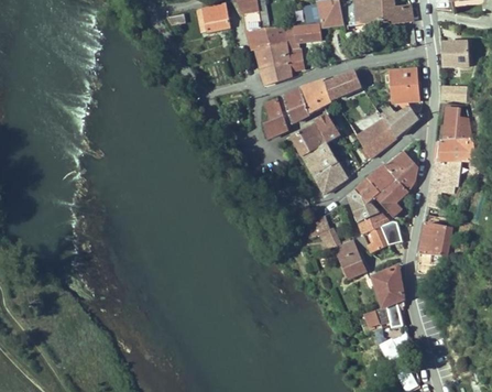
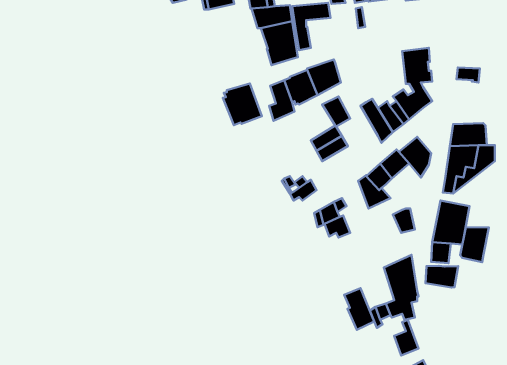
building: [440,41,468,66] -> none
building: [326,70,361,101] -> none
building: none -> [223,84,262,125]
building: [438,104,472,141] -> none
building: [292,122,326,156] -> none
building: [314,162,348,194] -> none
building: [374,178,407,217] -> none
building: [359,214,390,252] -> none
building: none -> [460,227,489,262]
building: [337,239,365,279] -> [344,288,374,330]
building: none -> [425,266,458,288]

